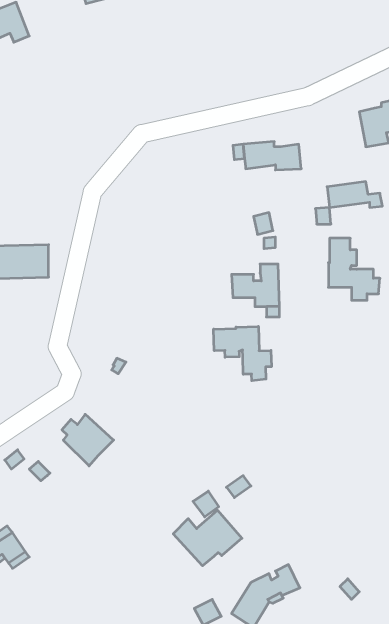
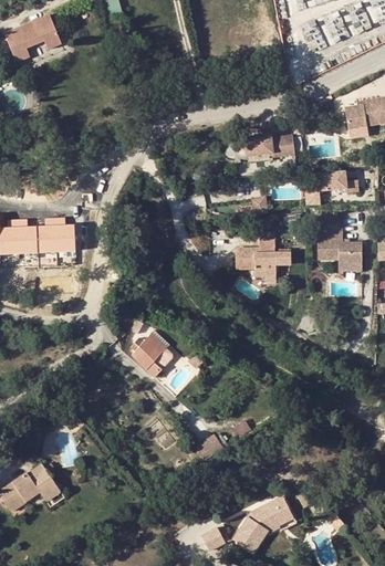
building: [214,326,271,381] -> none
building: [62,414,114,466] -> [131,333,175,377]
building: [173,510,242,566] -> none

